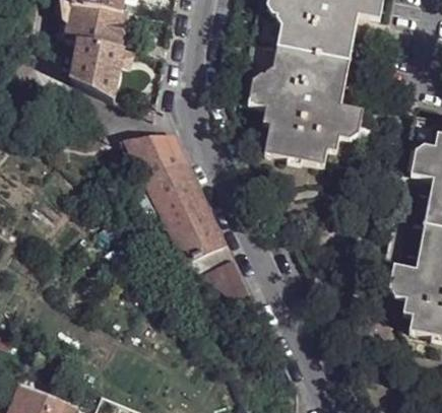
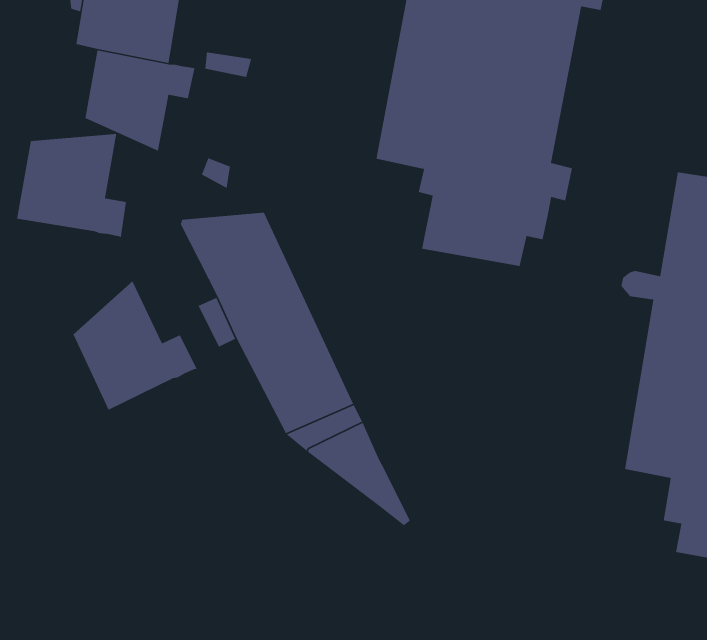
building: none -> [16,133,127,238]
building: none -> [73,280,198,411]

